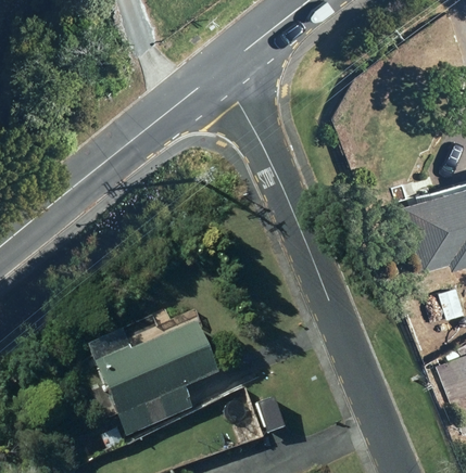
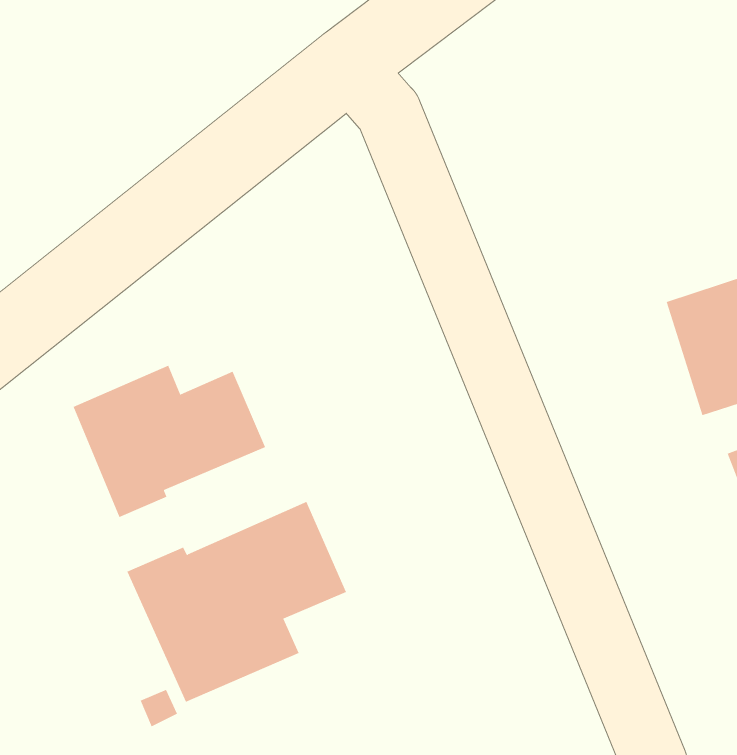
building: none -> [73,365,266,518]

